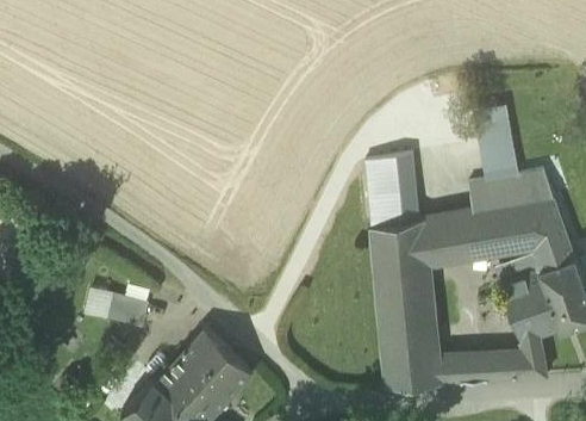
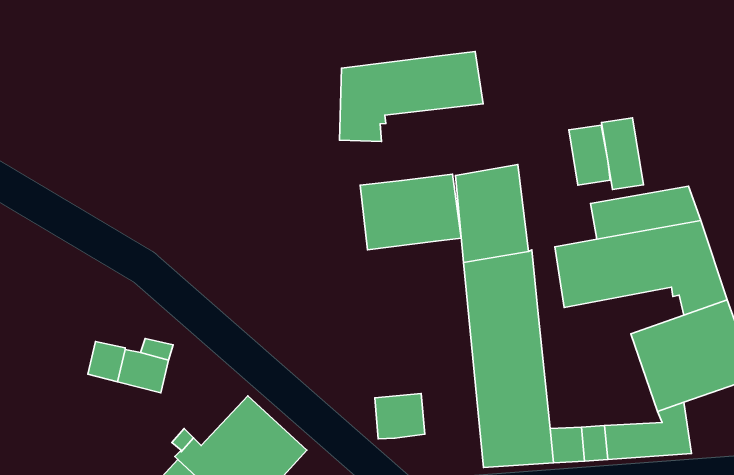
building: none -> [340,52,483,142]
building: none -> [569,125,610,185]
building: none -> [360,174,461,250]
building: [424,216,449,265] -> none
building: none -> [375,393,425,439]

